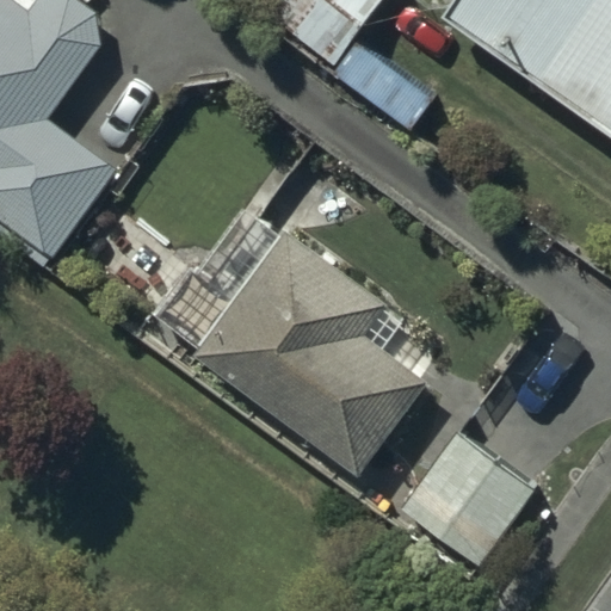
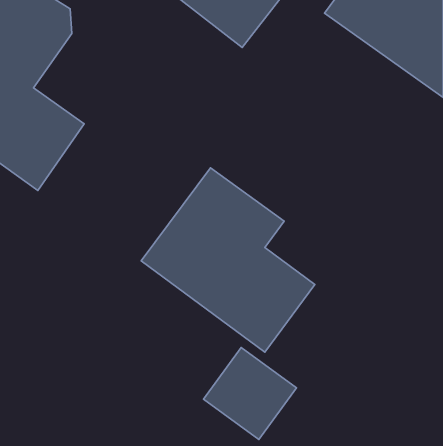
building: [406,436,532,561] -> [203,347,296,440]

